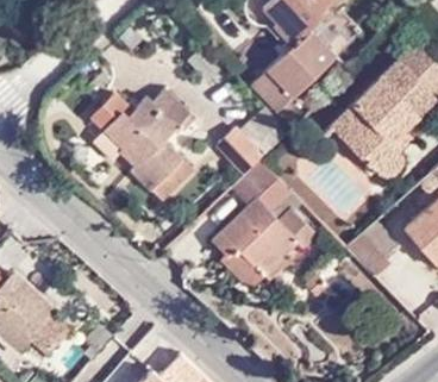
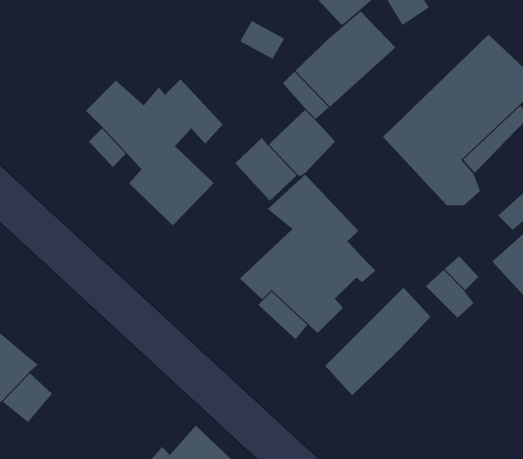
building: none -> [324,287,431,396]

